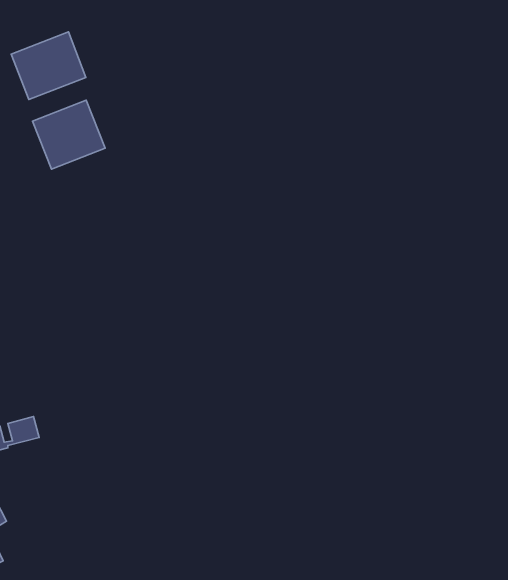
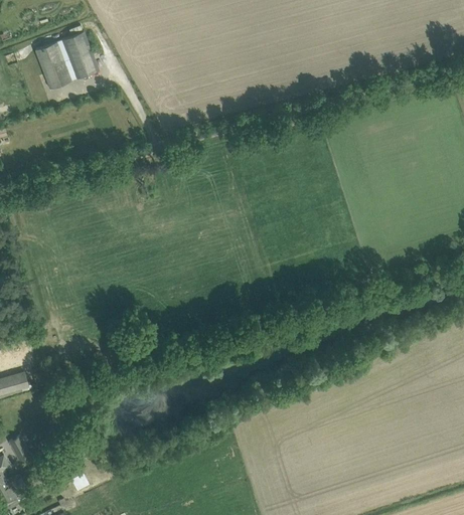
building: [33,100,105,169] -> none

